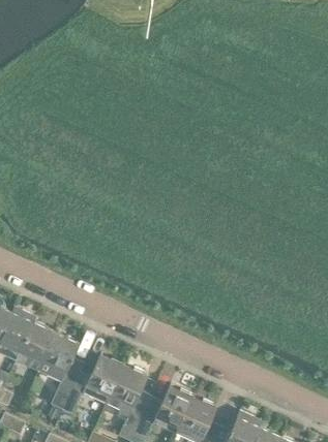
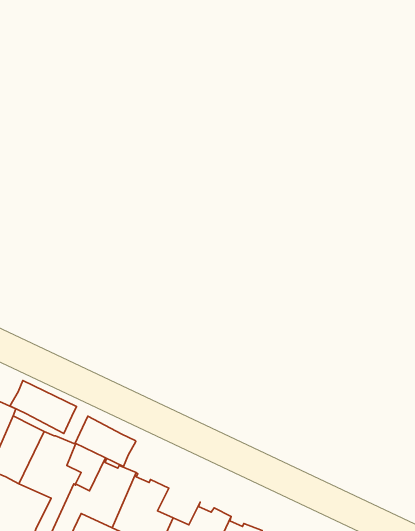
building: none -> [10,380,77,433]
building: none -> [75,416,136,467]

